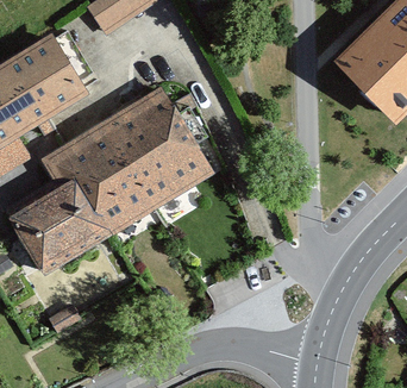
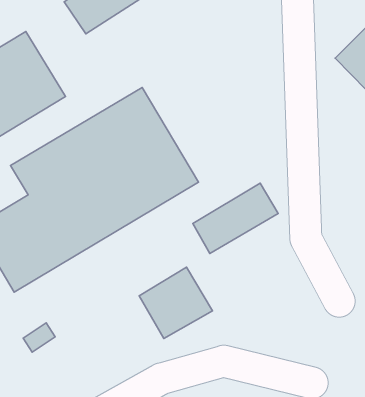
building: none -> [193,183,278,253]
building: none -> [139,267,213,338]

